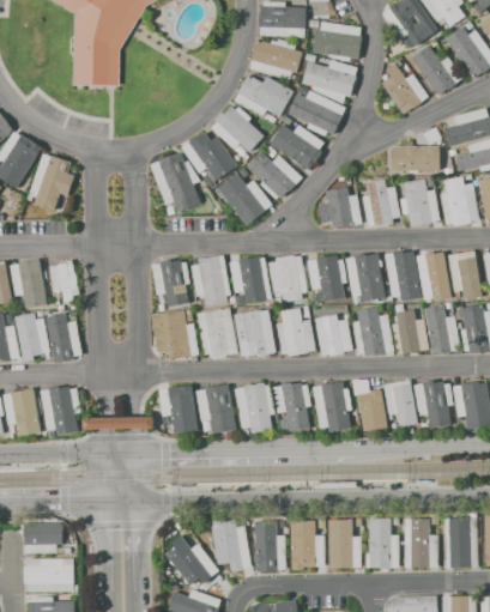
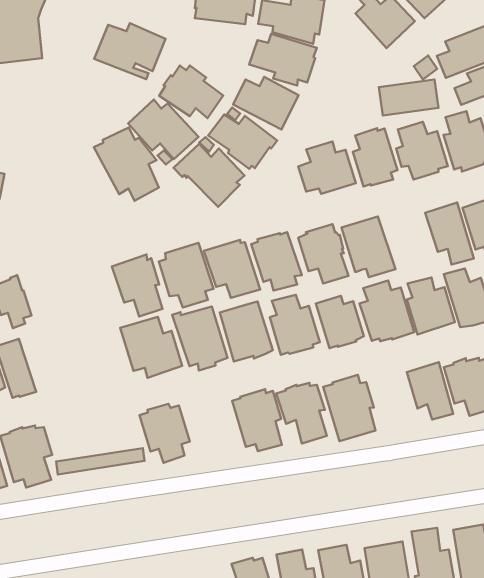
building: [232,74,294,123] -> [94,23,165,79]
building: [383,252,421,301] -> none
building: [352,382,380,429] -> none
building: [195,383,235,432] -> none

